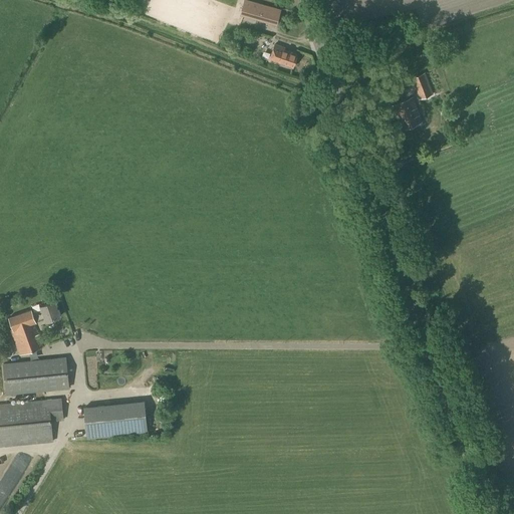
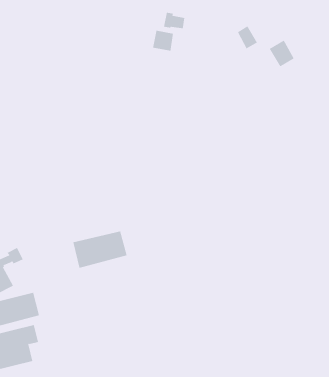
building: none -> [152,30,174,52]
building: [411,72,434,100] -> [237,26,258,49]
building: [83,401,148,439] -> [72,231,128,269]

